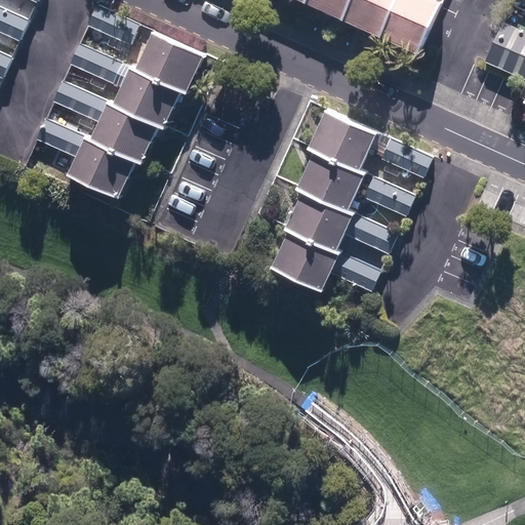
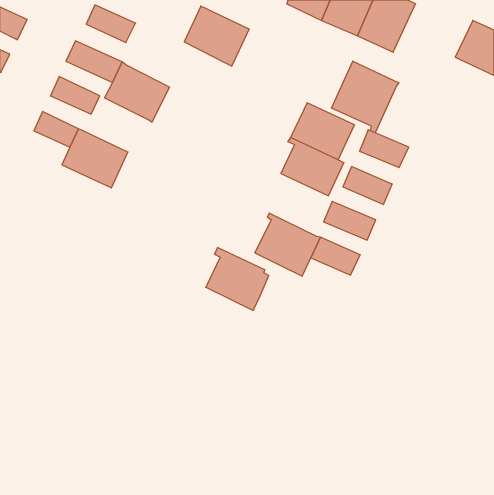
building: [133,31,202,94] -> [184,6,249,66]
building: none -> [332,61,399,133]
building: [88,102,158,163] -> none
building: [285,184,352,250] -> [206,248,269,310]

